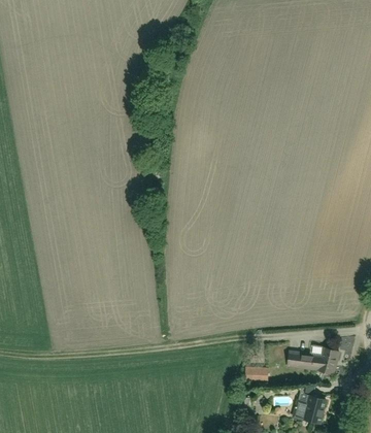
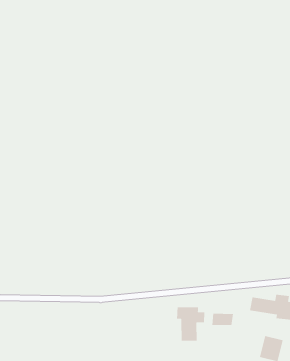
building: none -> [176,306,205,341]

